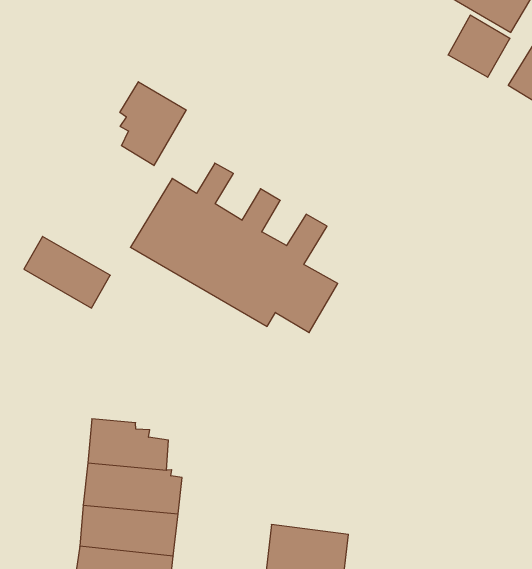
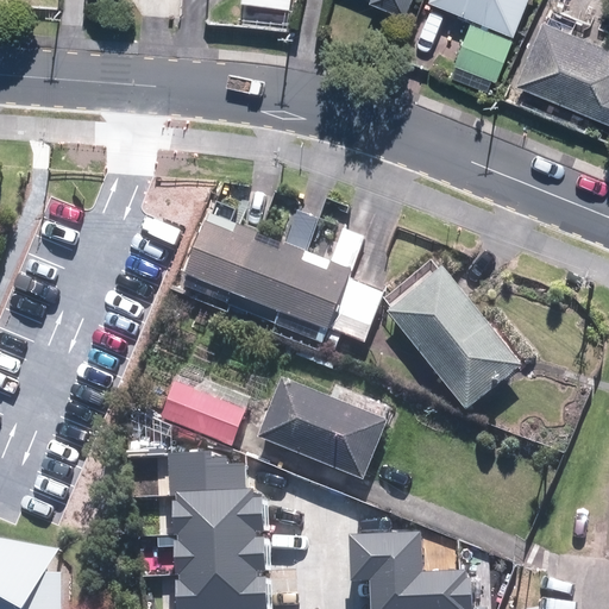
building: [120,82,186,166] -> none
building: [24,236,110,308] -> [161,384,243,445]
building: none -> [388,270,520,412]
building: none -> [257,379,384,479]

